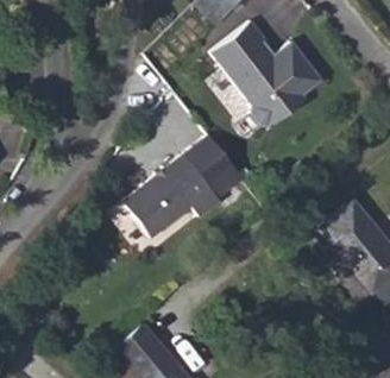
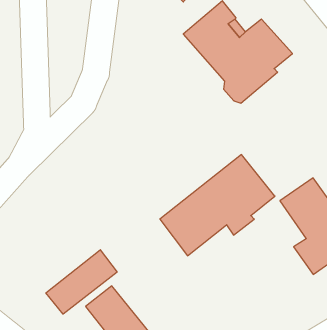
building: [128,136,247,240] -> [160,155,275,256]
building: none -> [46,250,117,314]

